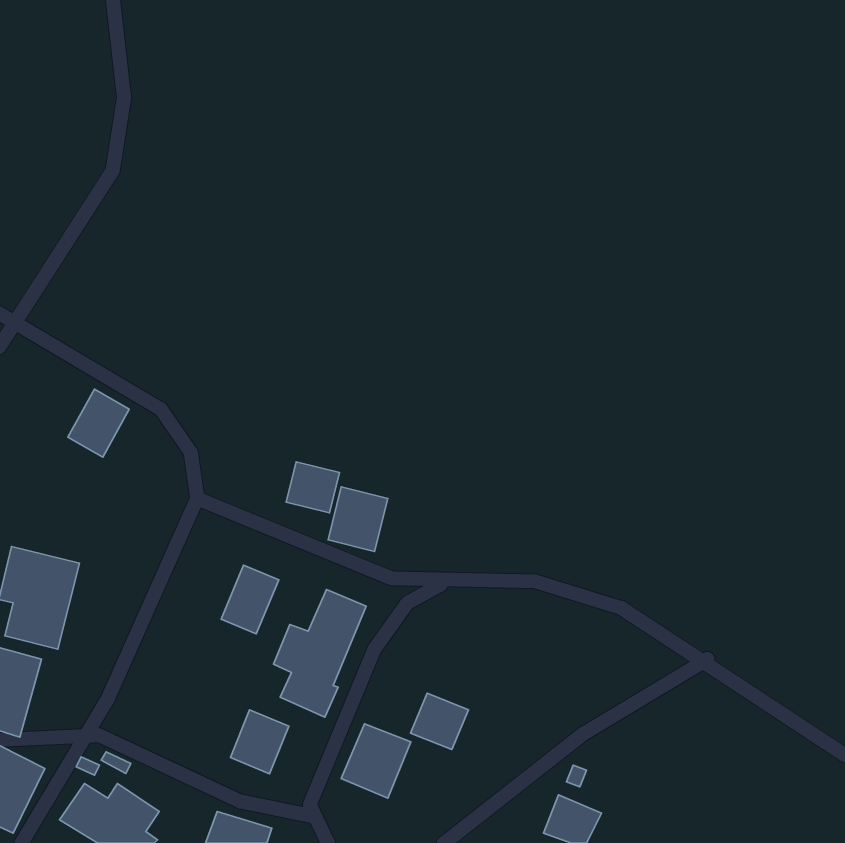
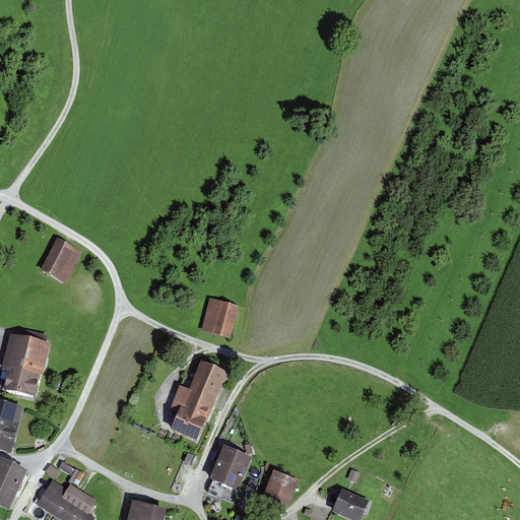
building: [286,462,340,513] -> none
building: [221,565,279,634] -> none
building: [411,693,469,750] -> [263,472,299,507]
building: [230,710,289,774] -> none

